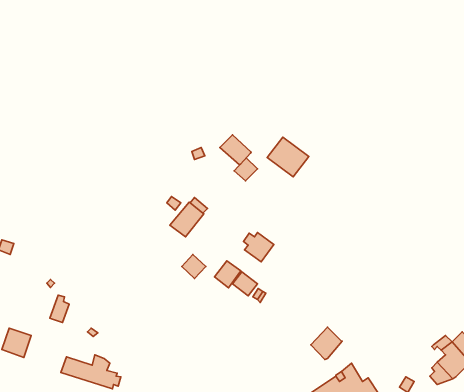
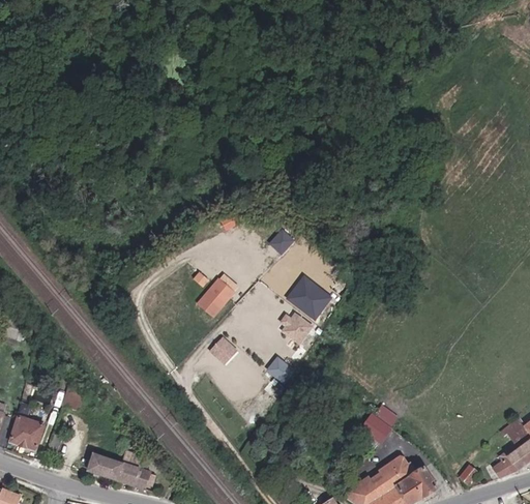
building: [220,135,251,165] -> none
building: [267,137,309,177] -> [288,271,334,316]
building: [215,261,241,288] -> none

